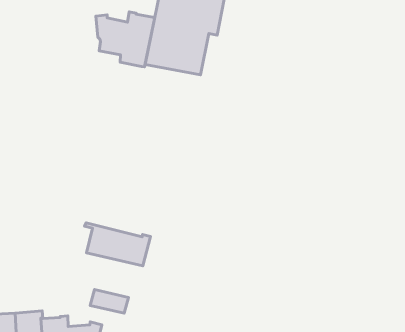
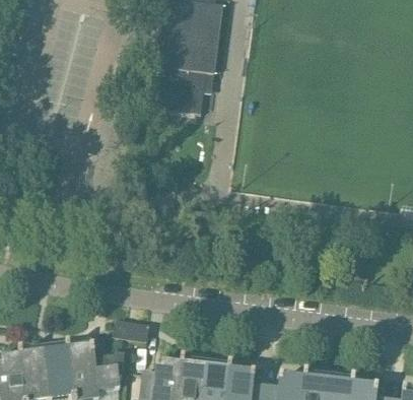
building: [96,12,155,67] -> none
building: [84,223,151,266] -> none

